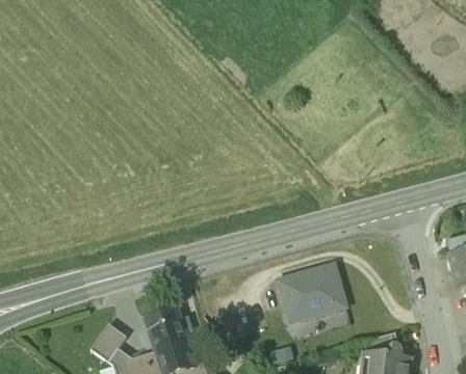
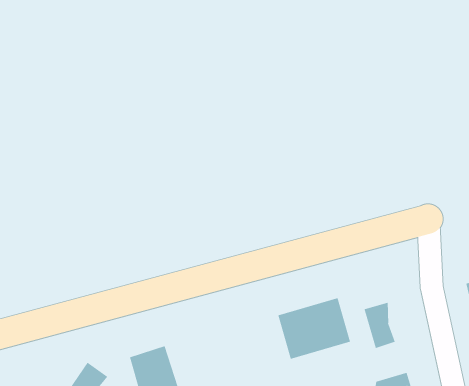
building: none -> [364,302,395,349]

